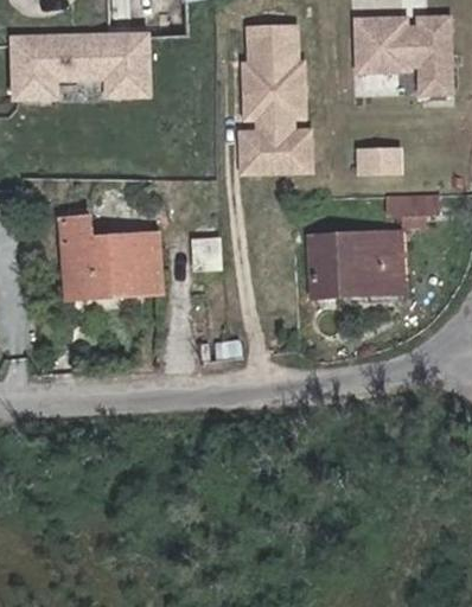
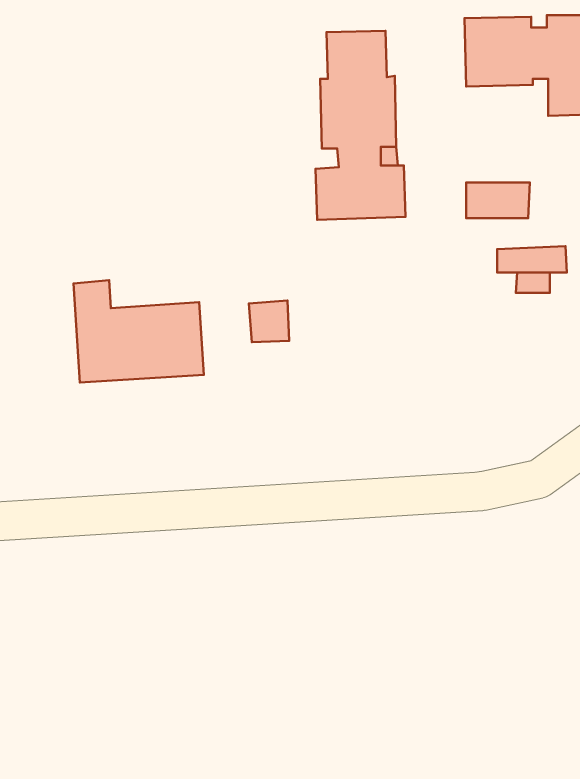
building: [15,36,148,96] -> none
building: [306,232,398,294] -> none

